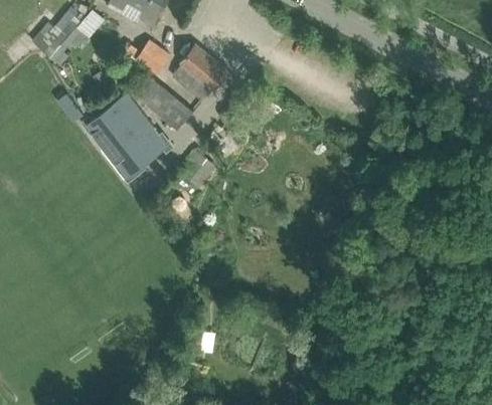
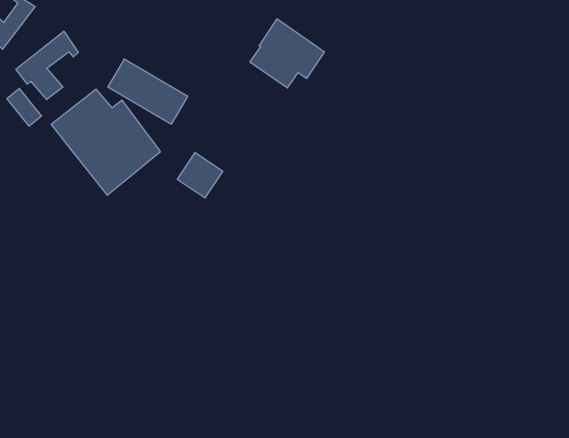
building: [136,42,170,75] -> none
building: [172,45,229,98] -> [250,19,324,88]
building: none -> [16,31,78,100]

